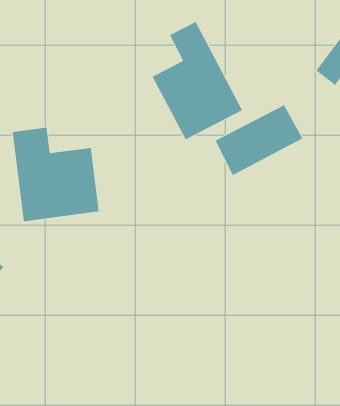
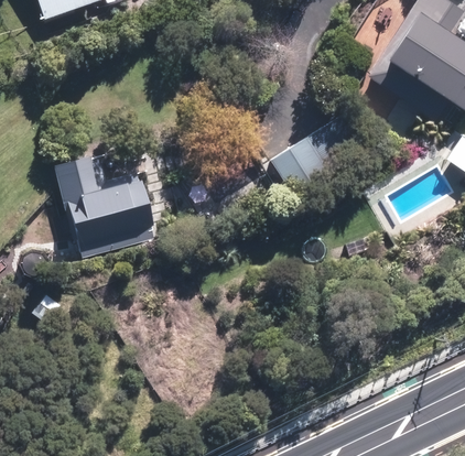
building: [152,21,243,140] -> none

